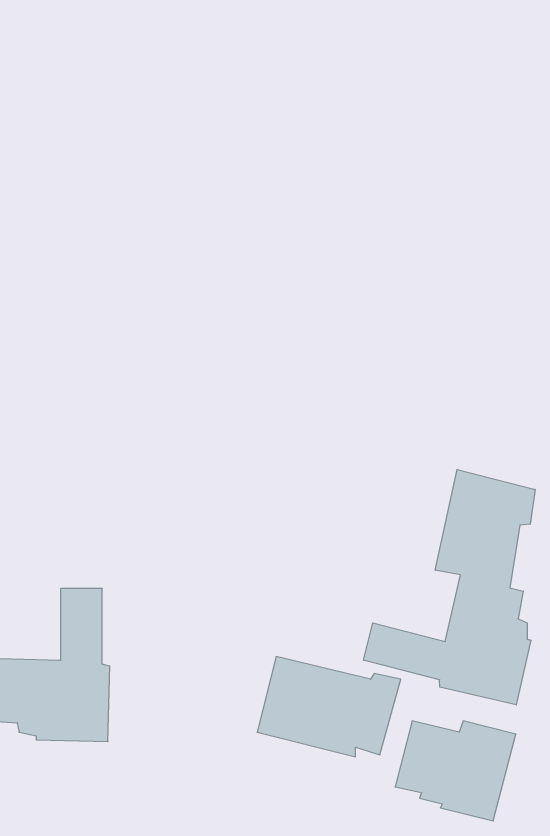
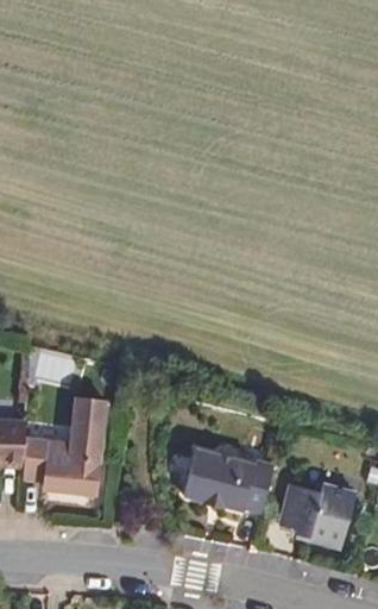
building: [363,469,535,705] -> none

